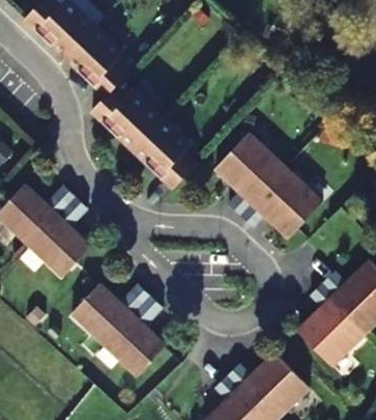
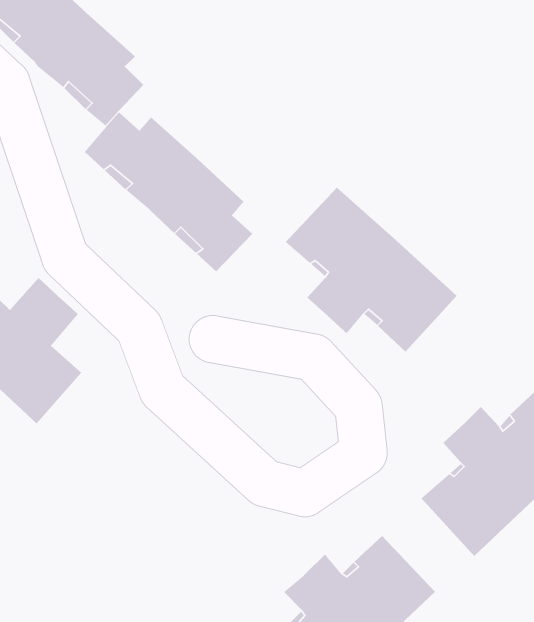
building: [75,286,167,376] -> none

